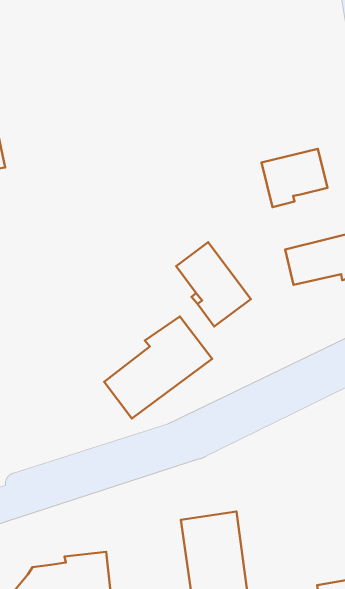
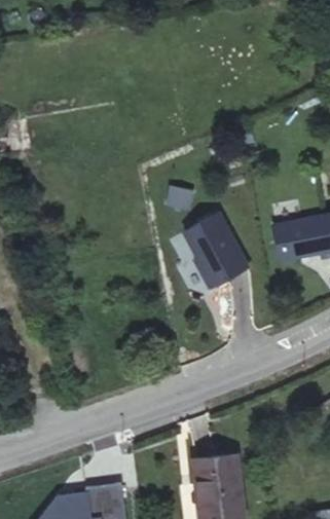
building: [262,149,327,207] -> none
building: [104,316,212,418] -> none

